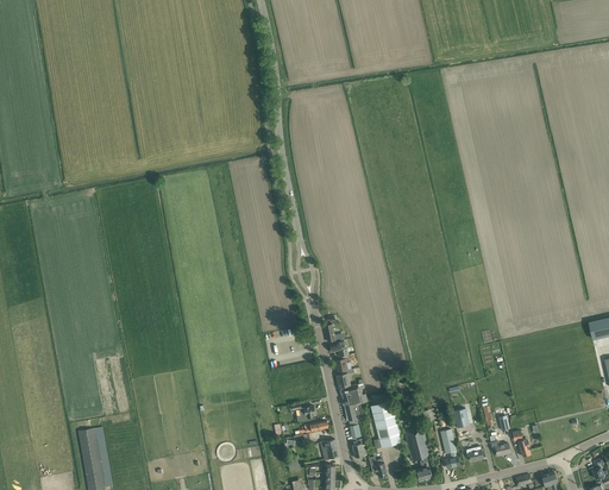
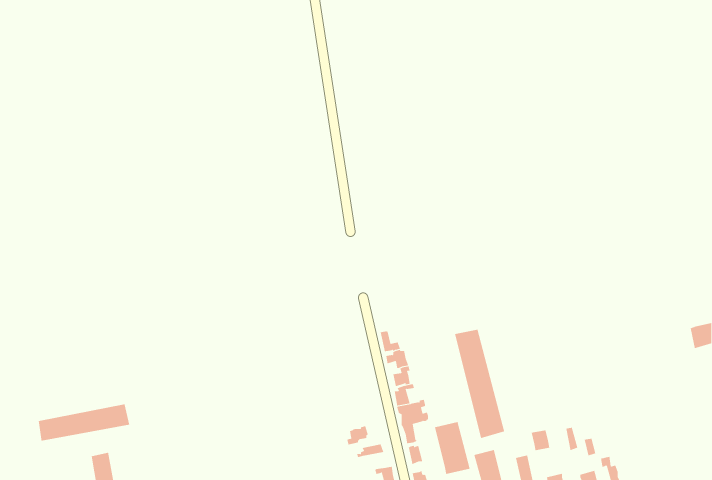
building: none -> [455,329,505,439]
building: none -> [38,403,130,441]

